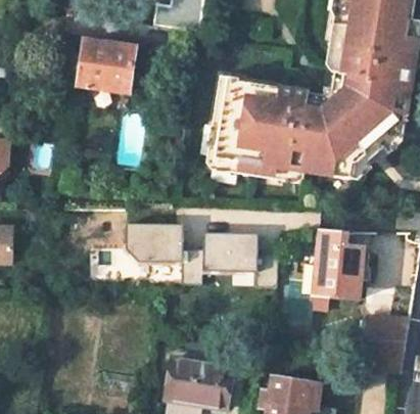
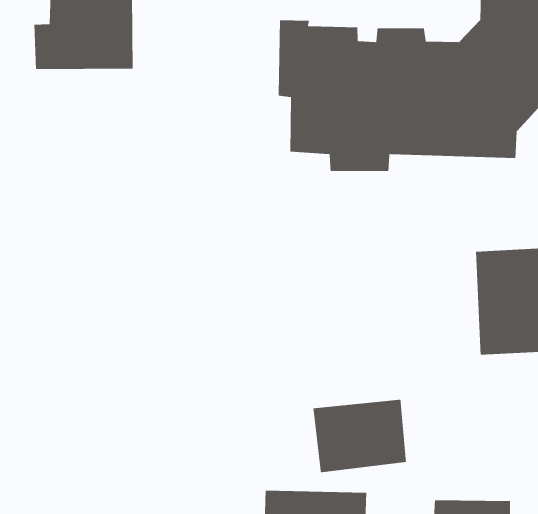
building: [122,225,181,262] -> none
building: [200,233,255,274] -> [313,399,407,473]

